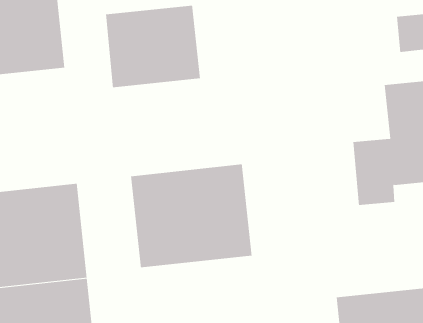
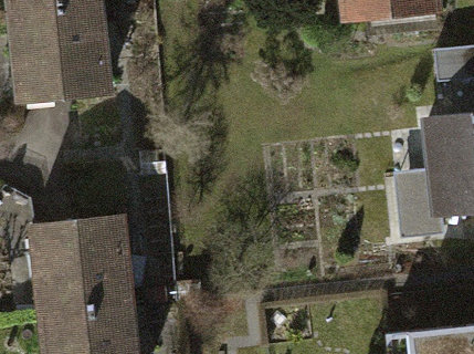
building: [105,5,200,88] -> none
building: [131,164,252,268] -> none

